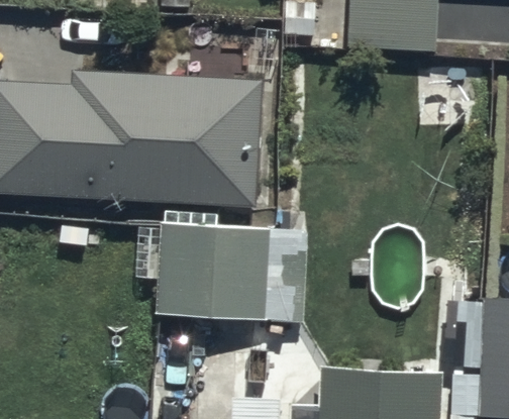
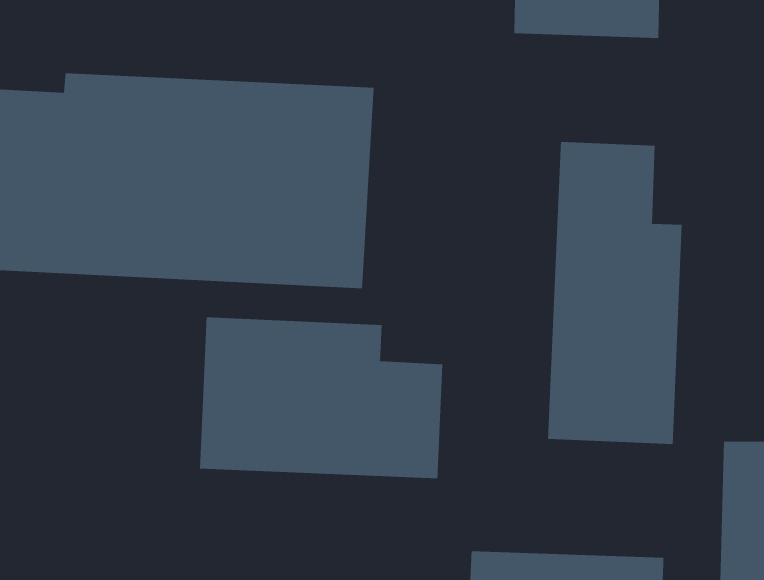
building: none -> [547,141,682,445]

